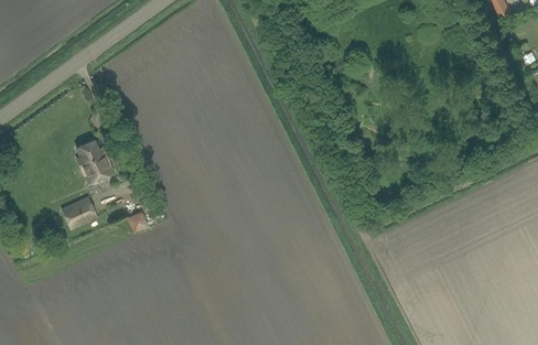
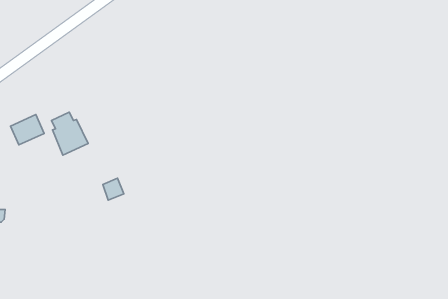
building: [61,196,96,228] -> [11,115,44,145]

